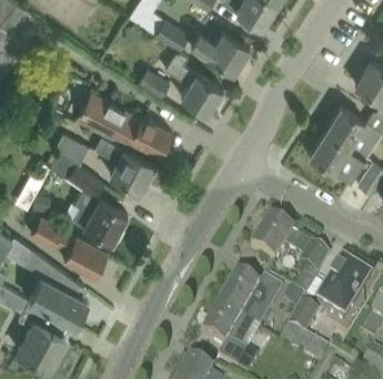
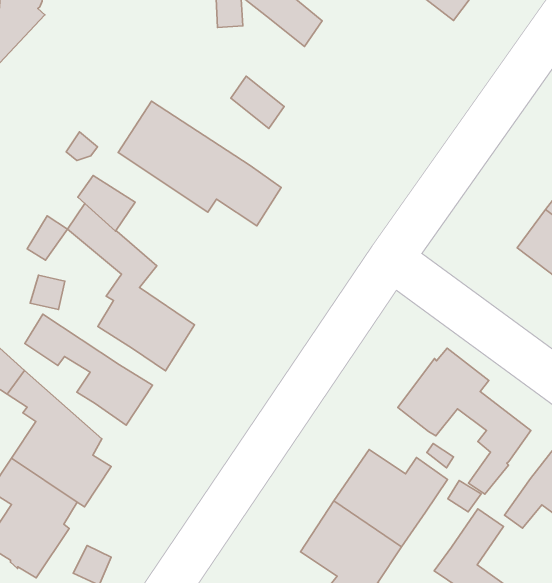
building: [190,29,249,72] -> none
building: [164,52,222,114] -> none
building: [92,135,153,191] -> none

